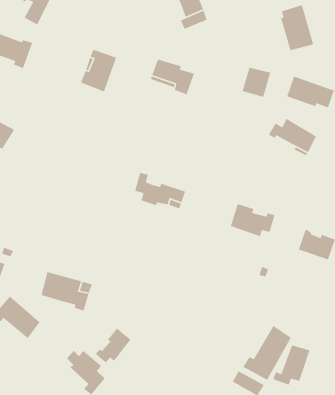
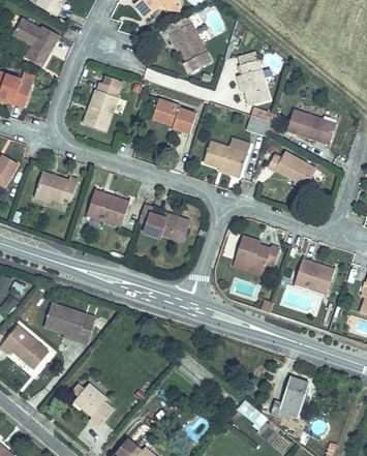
building: [280,4,314,51] -> [237,58,270,103]
building: none -> [205,145,247,180]
building: none -> [39,173,80,201]
building: none -> [89,192,129,226]
building: [242,325,292,381] -> none
building: [95,328,132,364] -> none

